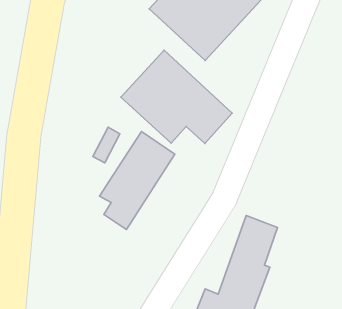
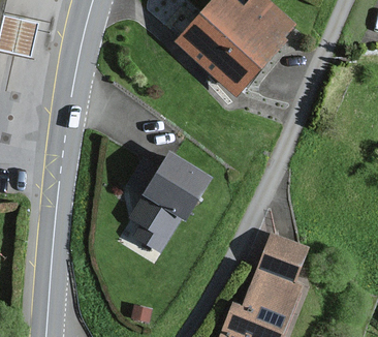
building: [121,50,232,143] -> none

